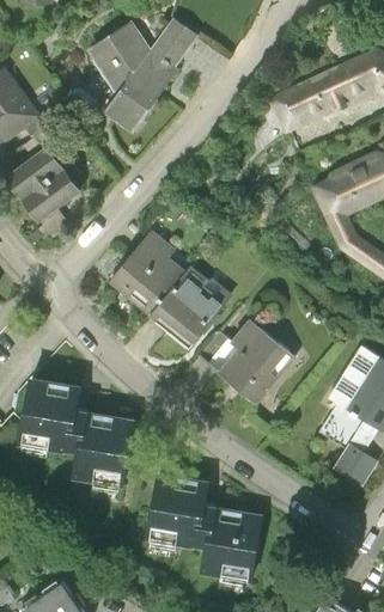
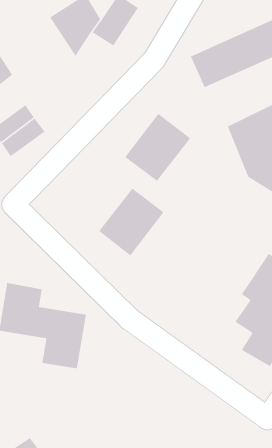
building: [105,66,166,134] -> none
building: [105,230,190,317] -> [124,113,191,182]
building: [209,320,297,406] -> none
building: [148,476,262,580] -> none

